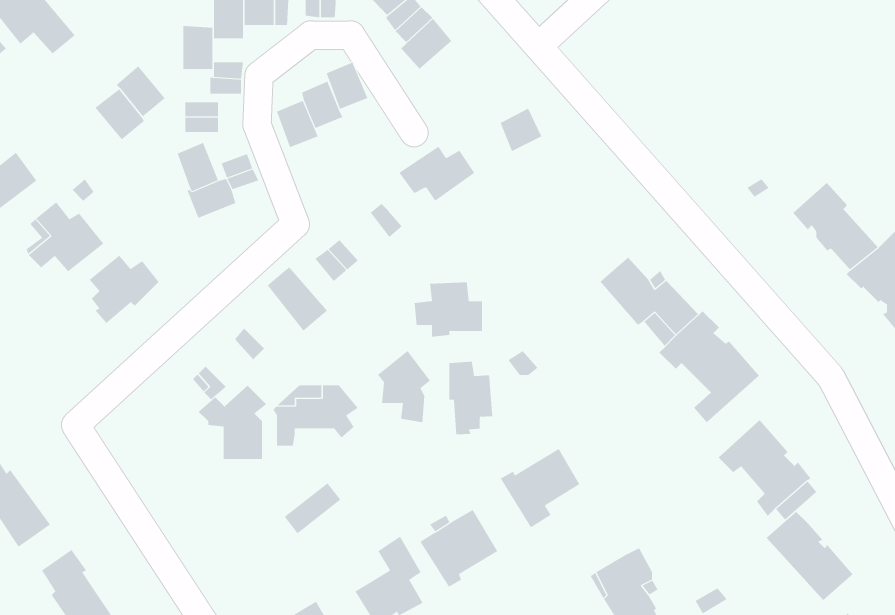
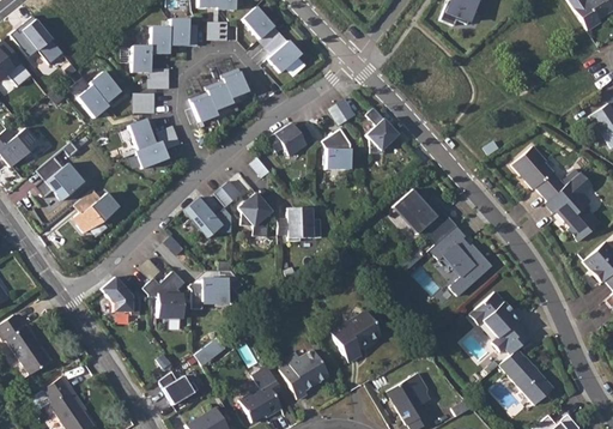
building: none -> [365,107,397,153]
building: none -> [320,129,350,169]
building: [377,350,431,423] -> [237,192,271,237]
building: [449,361,493,435] -> none
building: none -> [101,277,139,315]
building: none -> [159,370,199,403]

